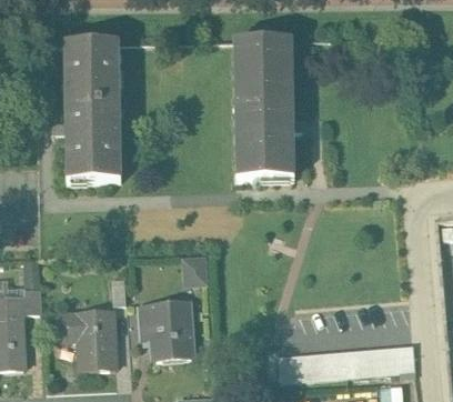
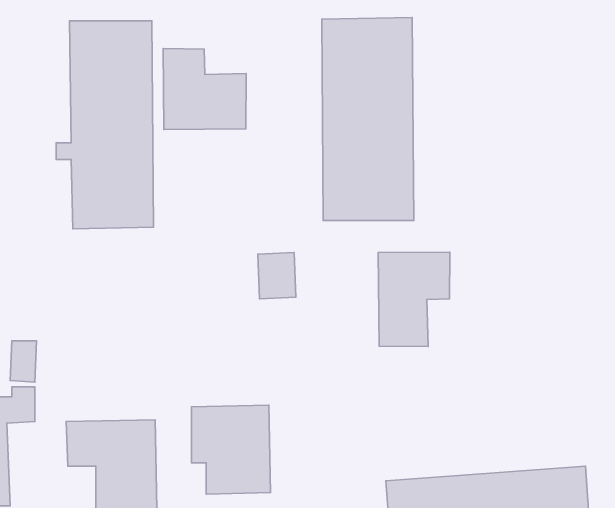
building: none -> [163,49,246,129]
building: none -> [378,252,450,346]
building: [181,254,207,285] -> [258,253,296,299]

